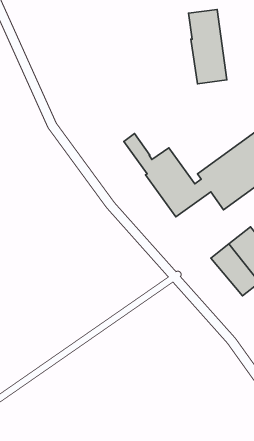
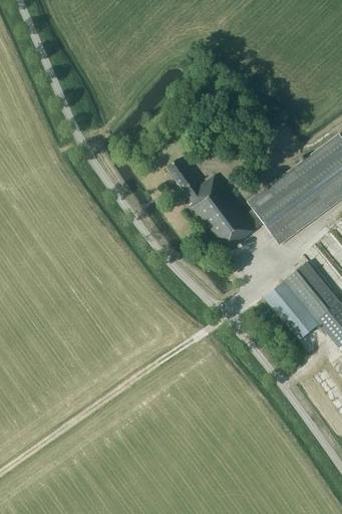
building: [189,9,227,84] -> none

